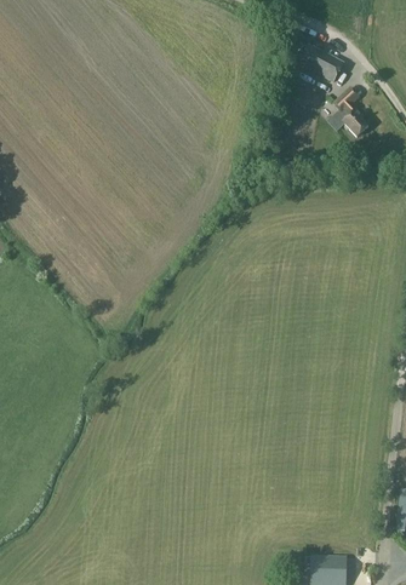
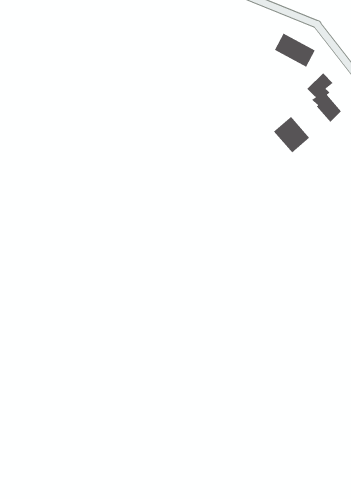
building: none -> [273,116,310,153]

